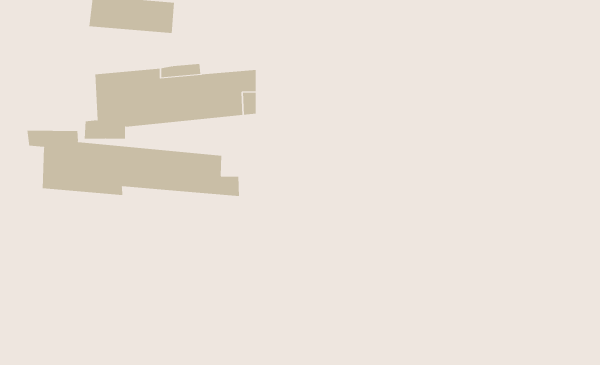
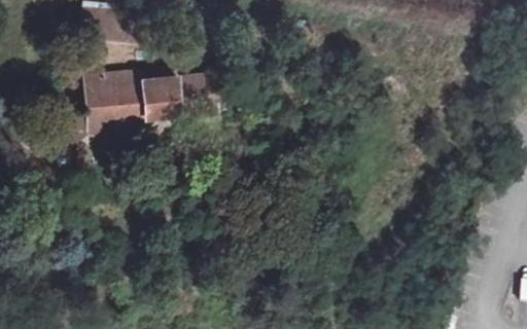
building: [27,130,240,197] -> none

